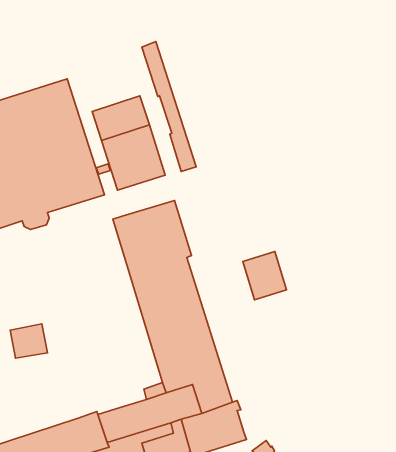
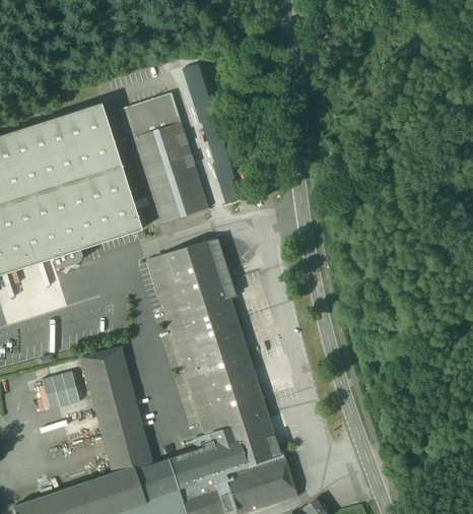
building: none -> [120,93,181,140]
building: [243,252,286,300] -> none
building: none -> [80,346,154,473]

